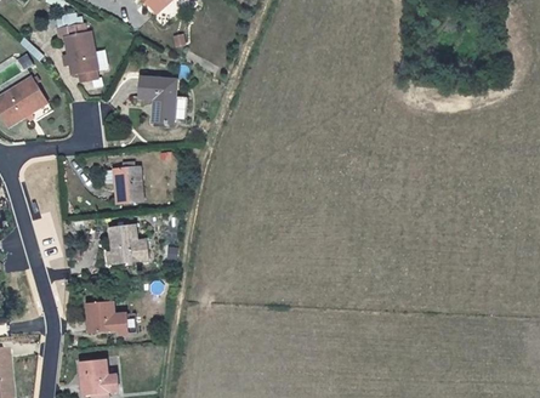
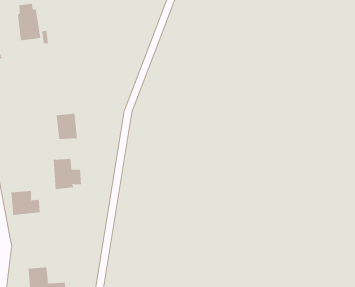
building: [137,83,184,125] -> none
building: [87,301,125,332] -> [11,190,40,215]

